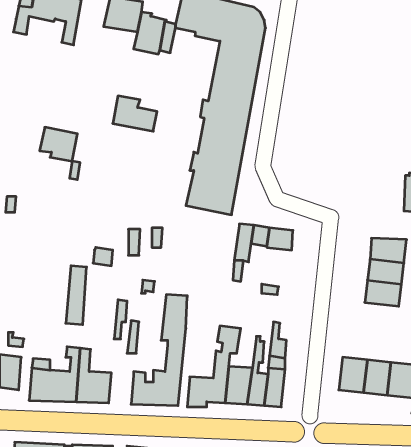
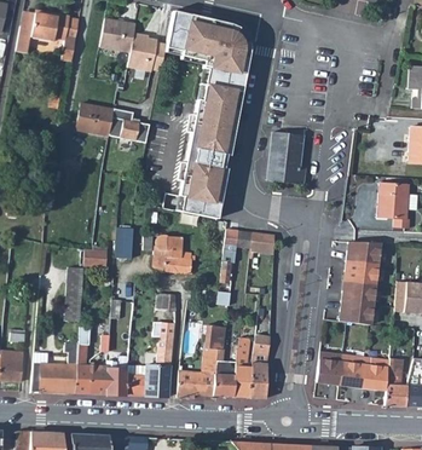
building: none -> [267,132,305,185]
building: [40,127,77,161] -> [77,104,112,135]
building: none -> [154,236,196,273]
building: none -> [339,301,372,324]
building: none -> [104,351,127,396]

